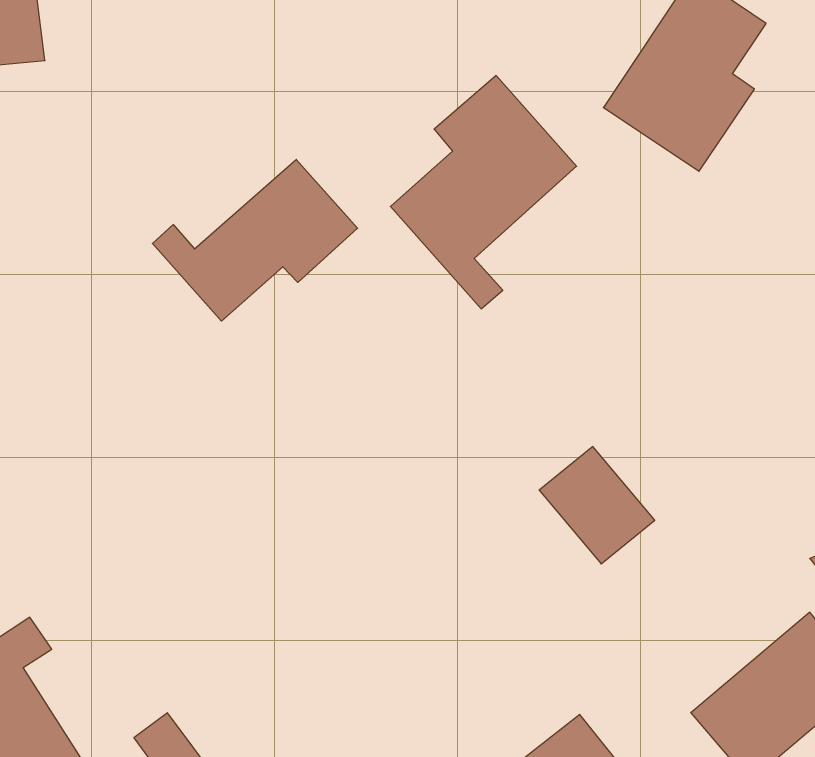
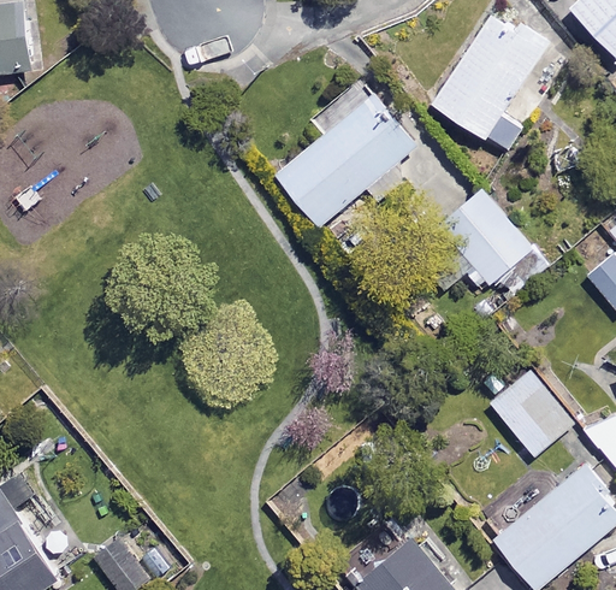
building: [152,159,358,321] -> none
building: none -> [437,191,526,288]
building: [539,447,655,564] -> [490,371,573,455]

